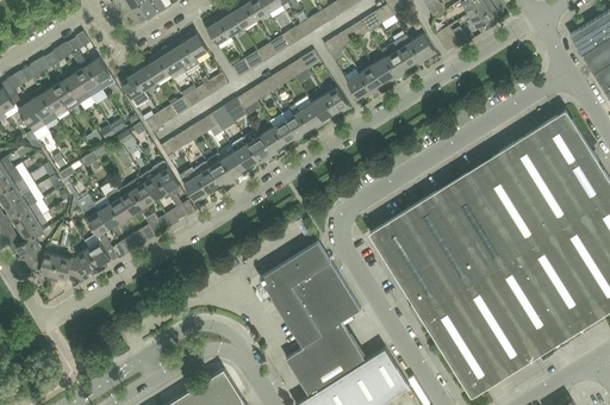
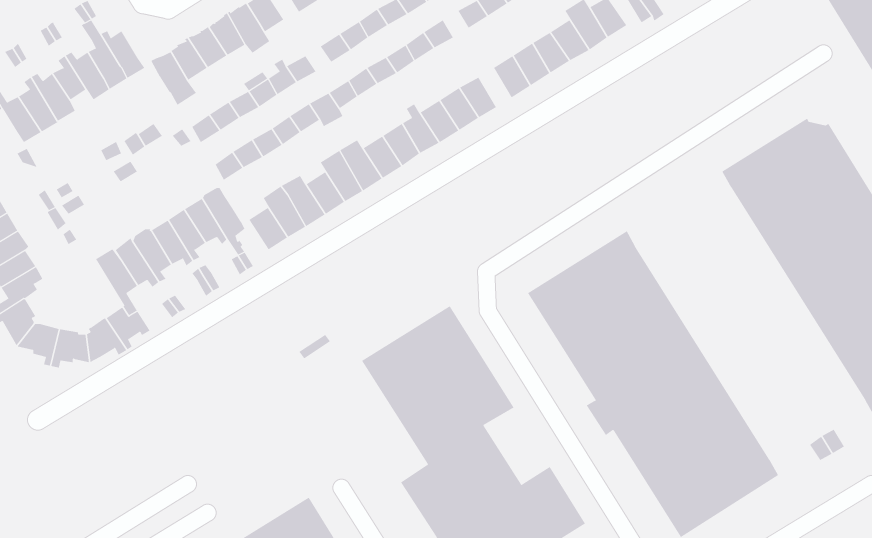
building: [442,162,595,343] -> none

